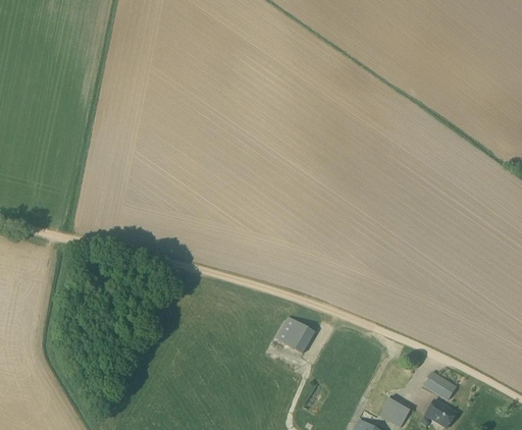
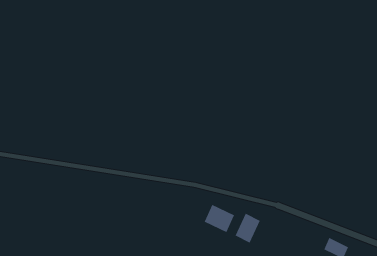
building: none -> [235,213,261,243]

